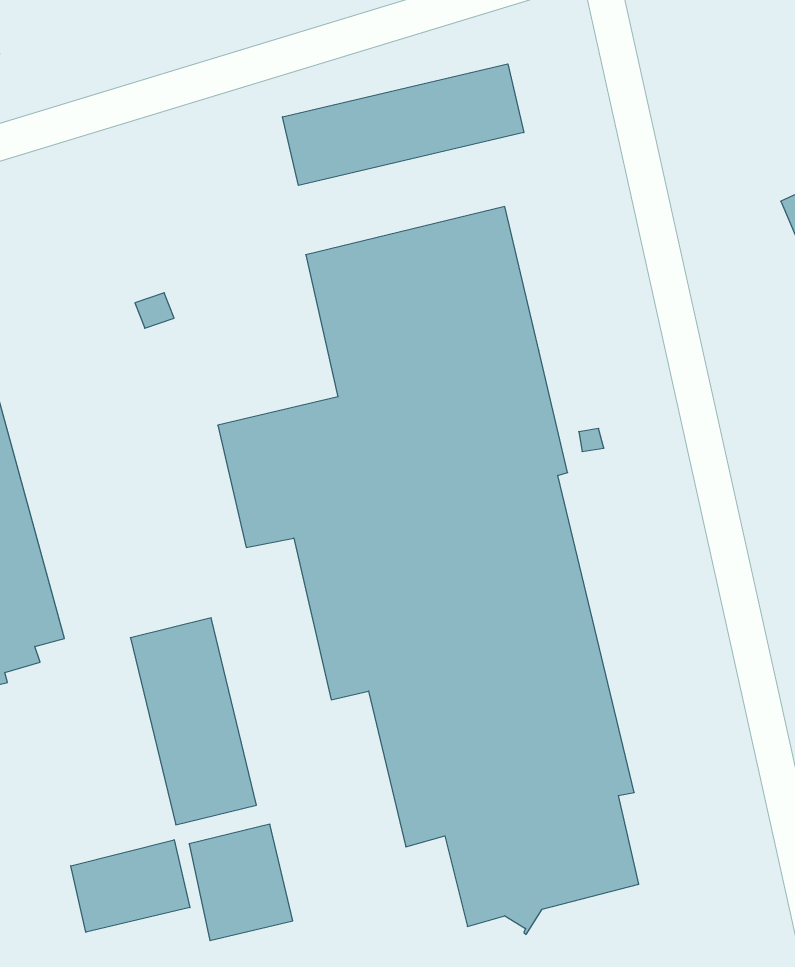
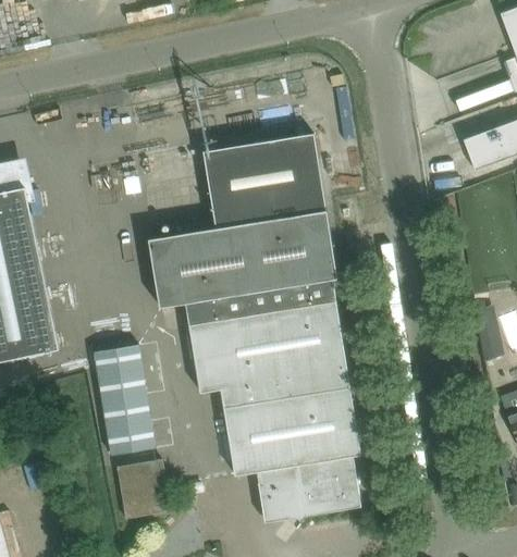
building: [283,64,524,185] -> none
building: [71,840,190,932] -> none

